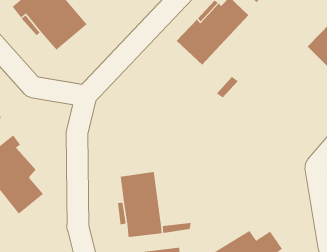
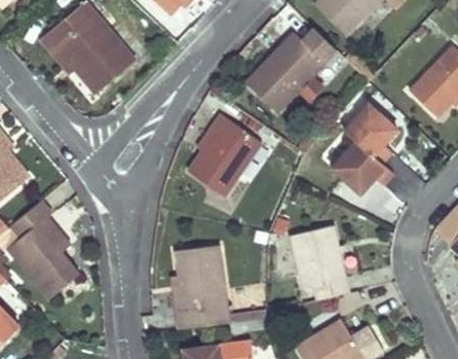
building: none -> [334,102,398,192]
building: none -> [188,114,261,195]
building: none -> [284,221,342,295]

